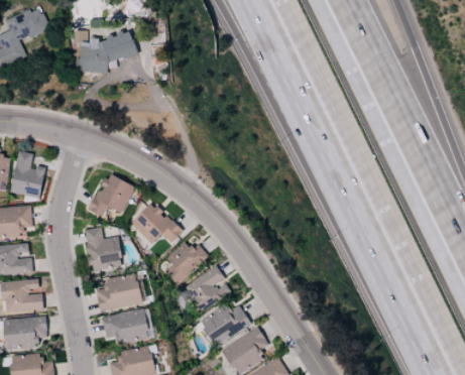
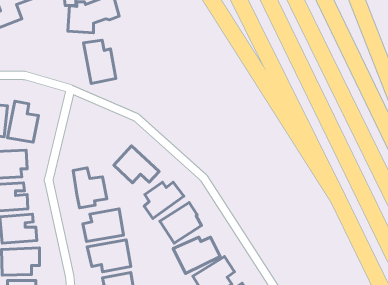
building: none -> [84,40,116,84]
building: [90,173,135,218] -> none

